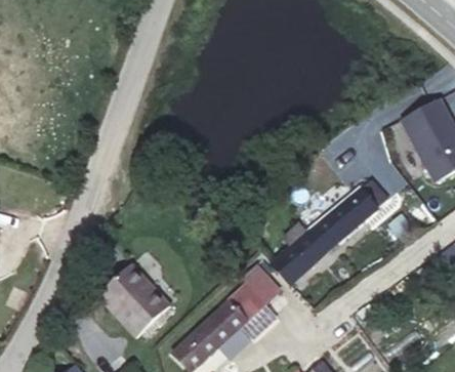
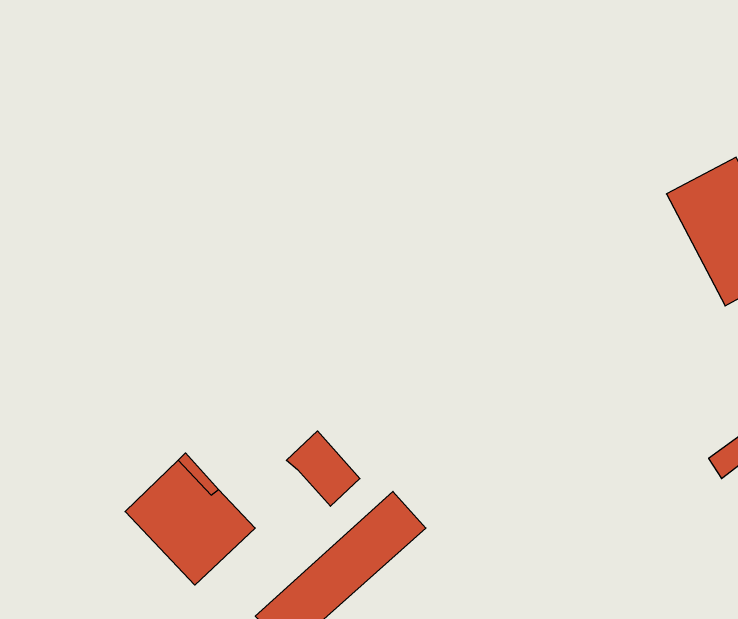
building: [272,179,388,284] -> none
building: [242,263,283,305] -> [286,431,360,506]

